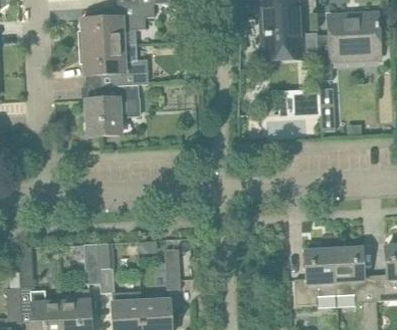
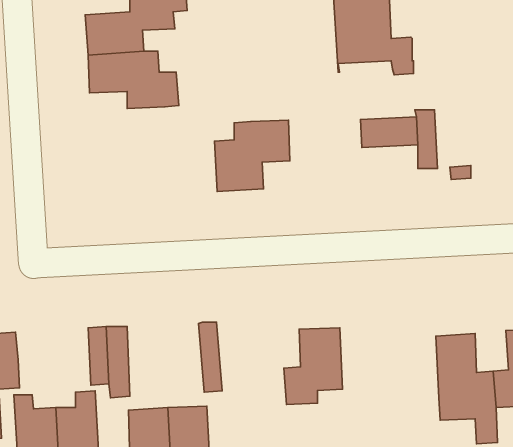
building: [317,12,379,77] -> none
building: [85,84,140,135] -> [215,120,290,191]
building: [293,249,336,304] -> [284,328,342,405]

